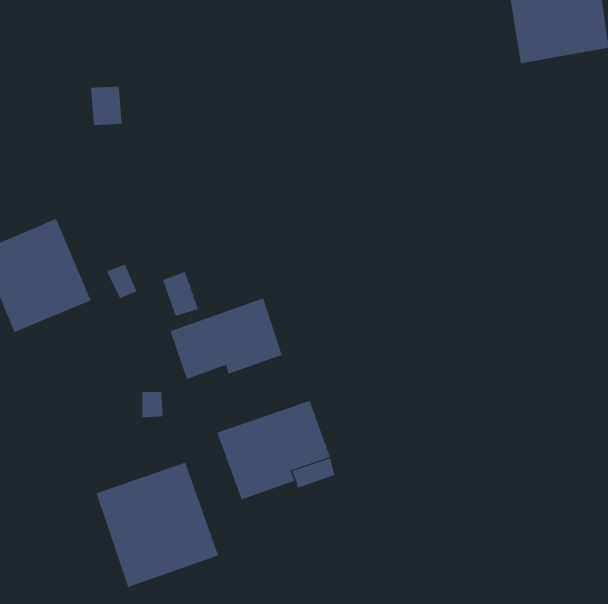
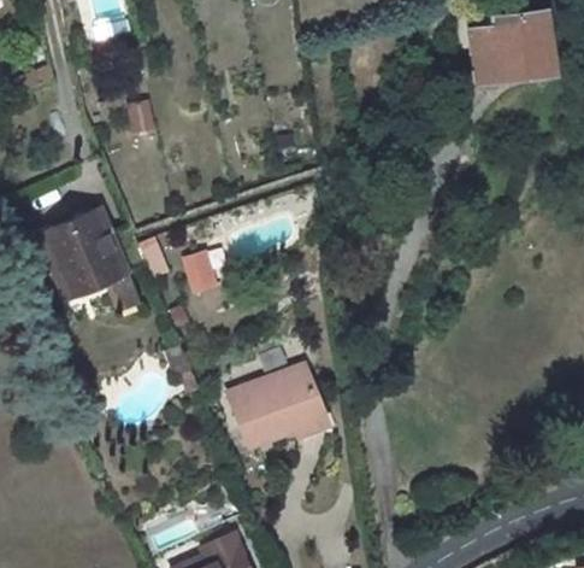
building: [170,297,283,380] -> none
building: [96,462,219,588] -> none

